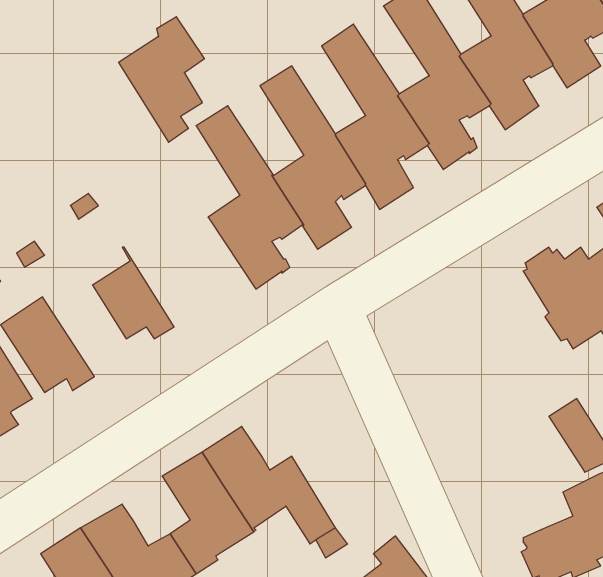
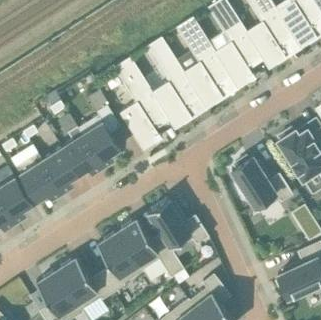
building: [119,17,204,142] -> [78,106,121,169]
building: none -> [37,148,79,194]
building: none -> [232,157,293,213]
building: none -> [148,199,209,252]

